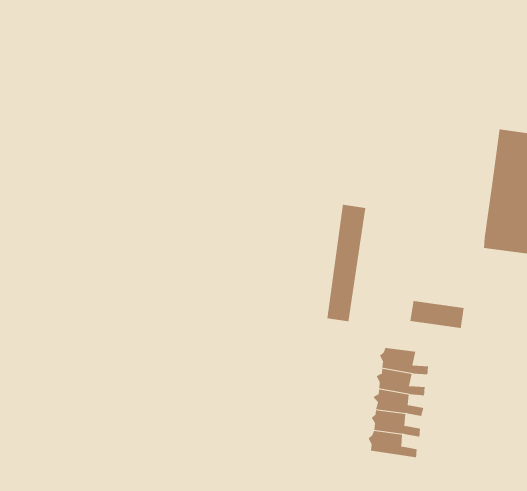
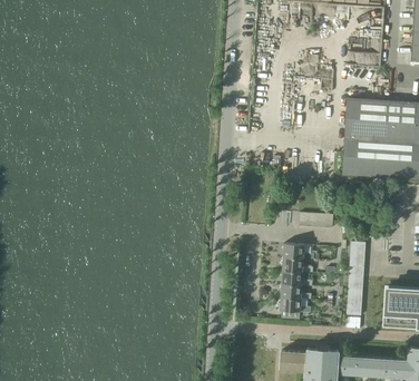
building: [327,204,366,322] -> [345,242,366,316]

